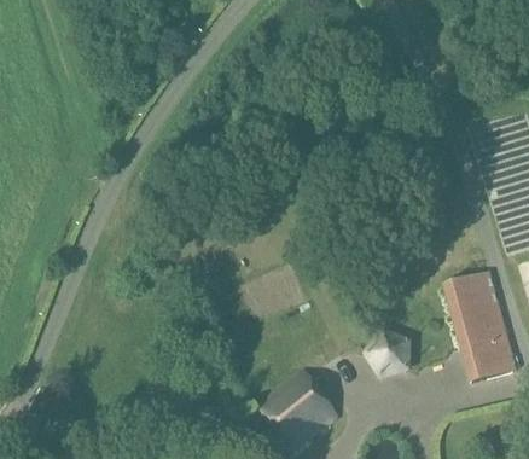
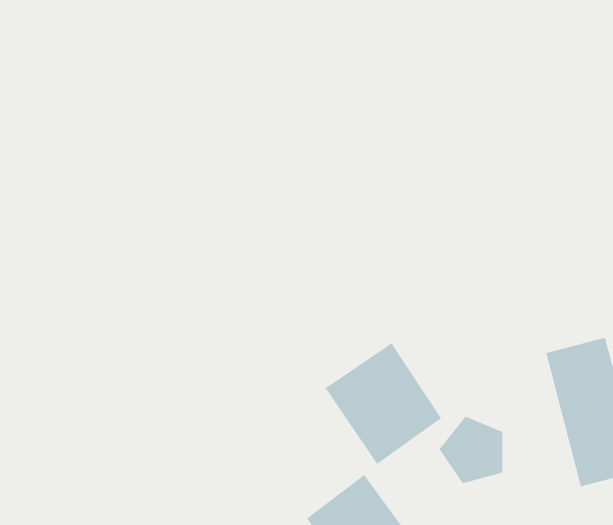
building: none -> [325,342,442,465]

